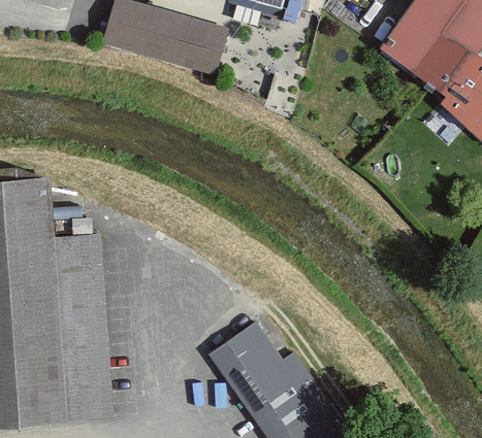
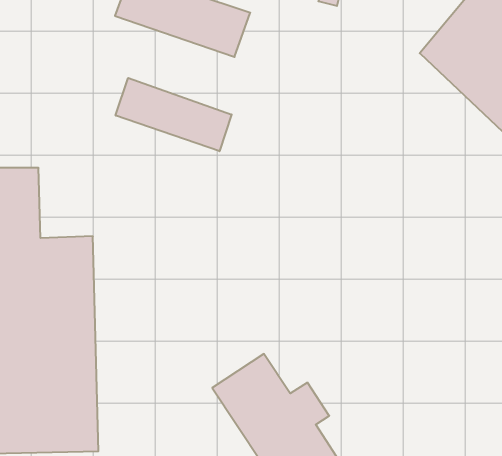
building: none -> [116,78,232,151]

